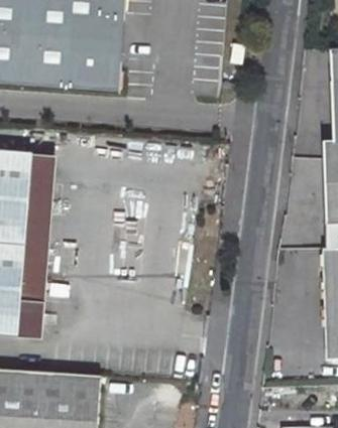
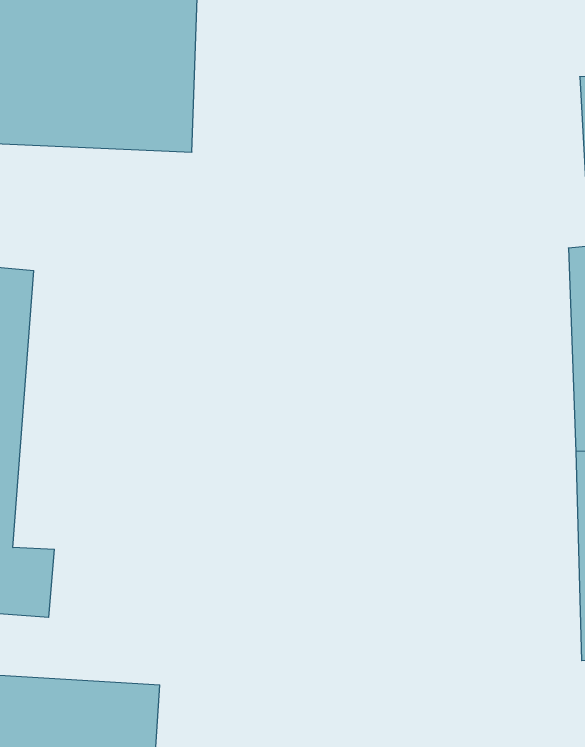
building: [22,154,54,301] -> none

